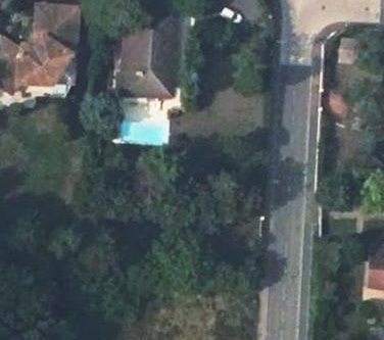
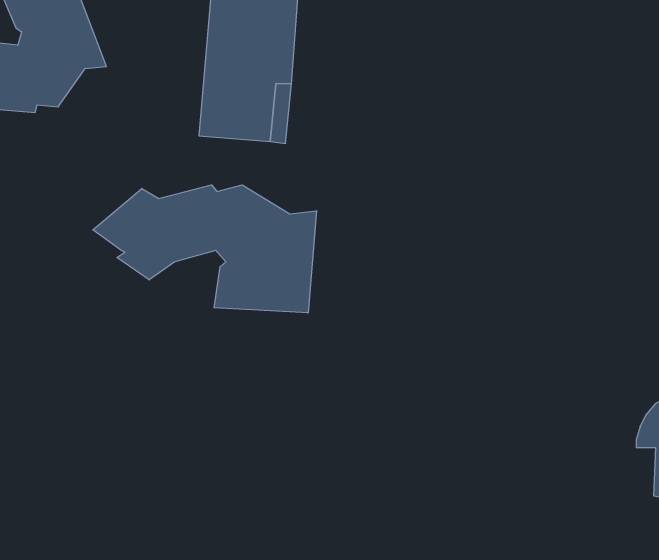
building: none -> [93,185,317,313]

